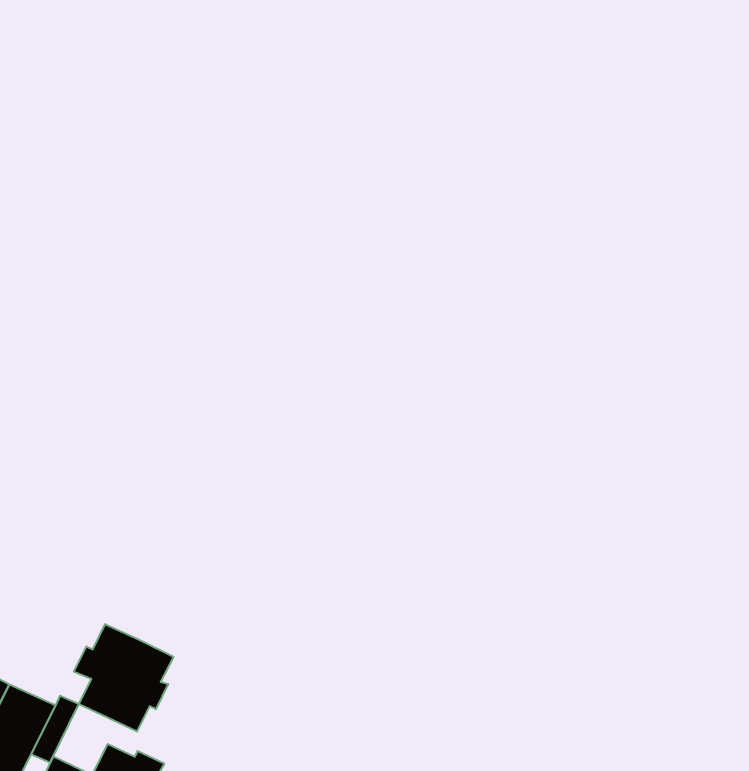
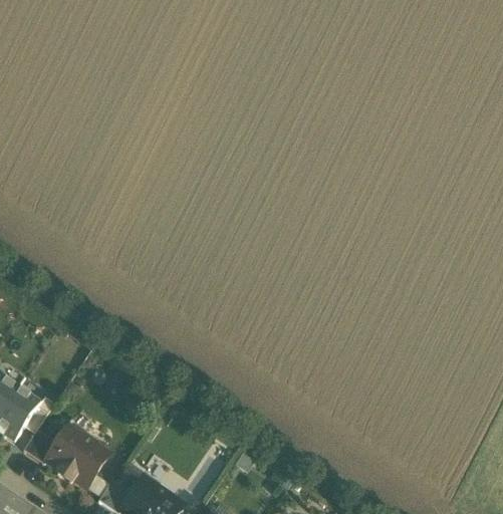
building: [74,624,173,732] -> none

